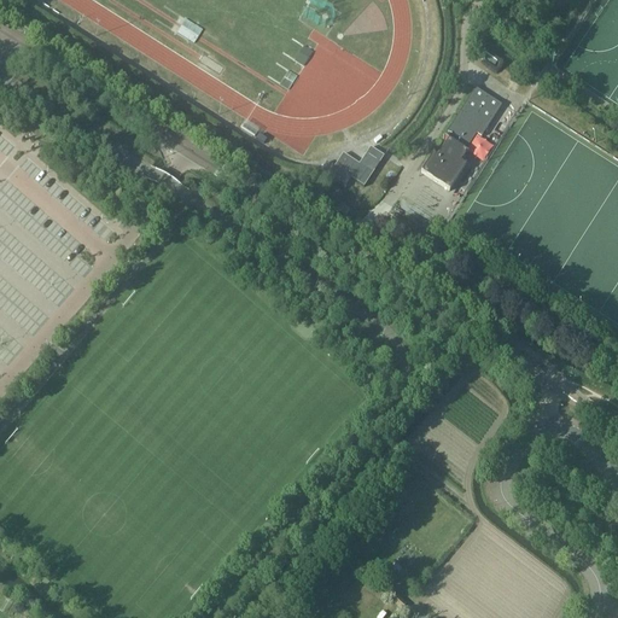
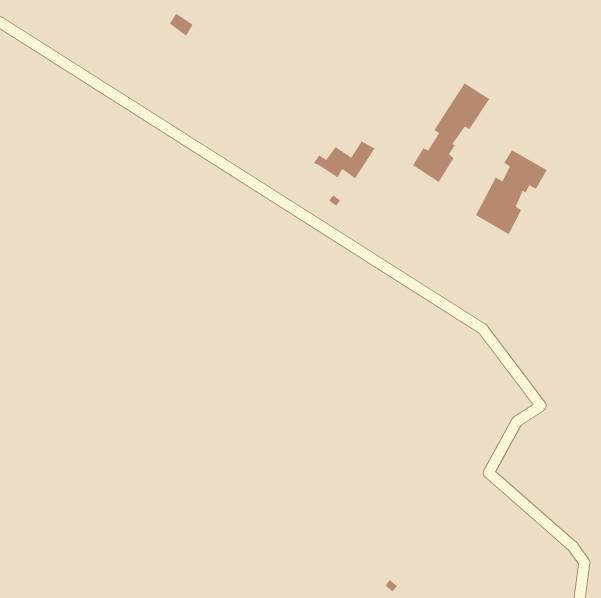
building: none -> [475,150,547,235]

